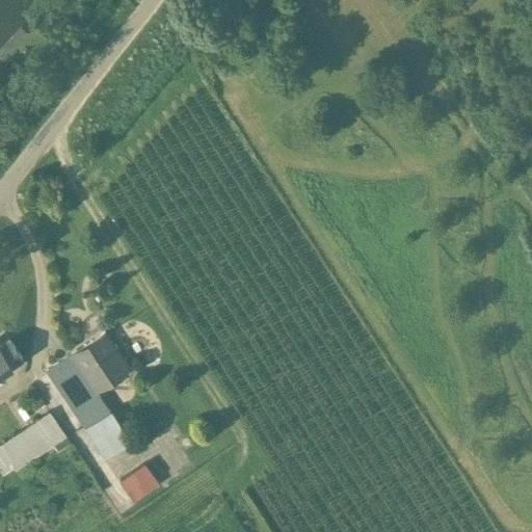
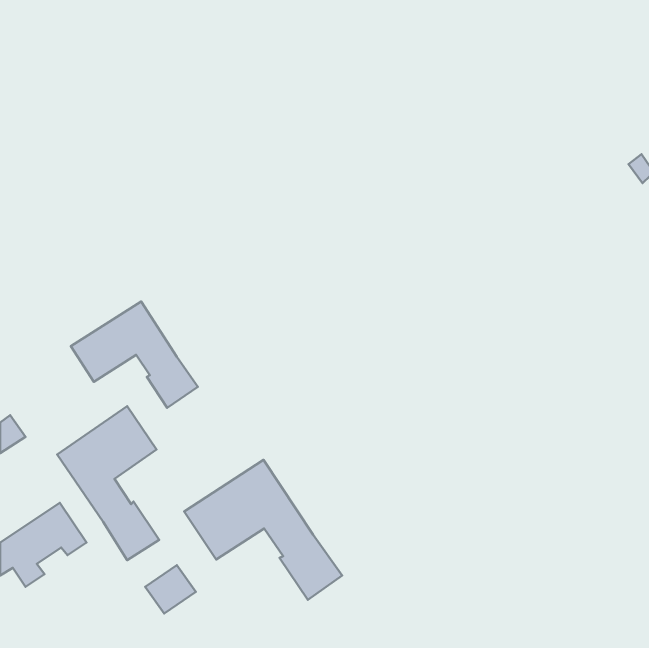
building: none -> [71,301,198,408]
building: none -> [184,460,342,600]

